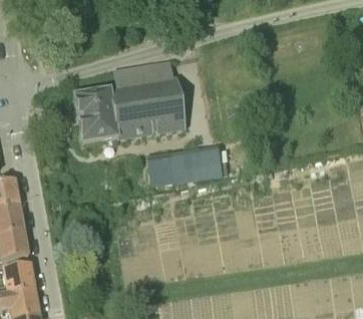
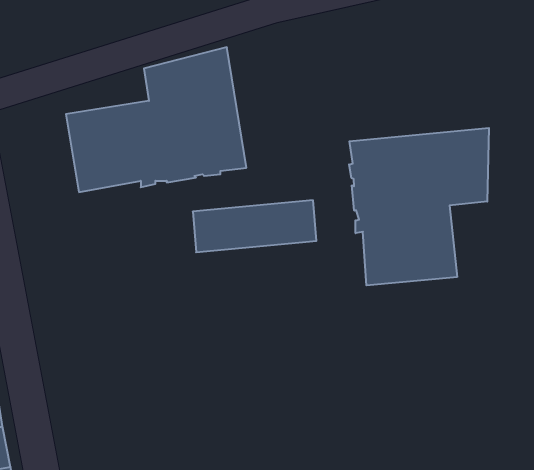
building: none -> [349,128,489,285]

